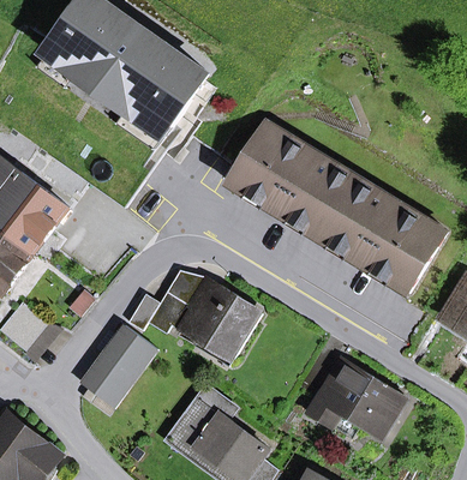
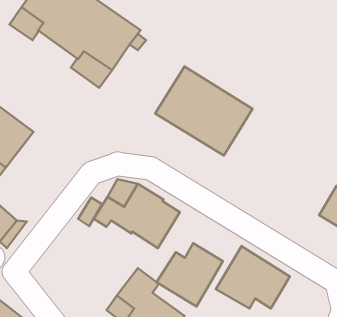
building: [318,176,445,292] -> none
building: [85,328,156,406] -> none
building: none -> [157,243,223,306]

